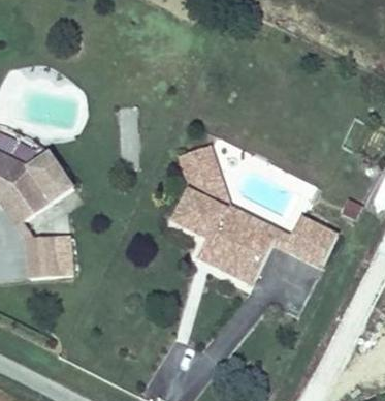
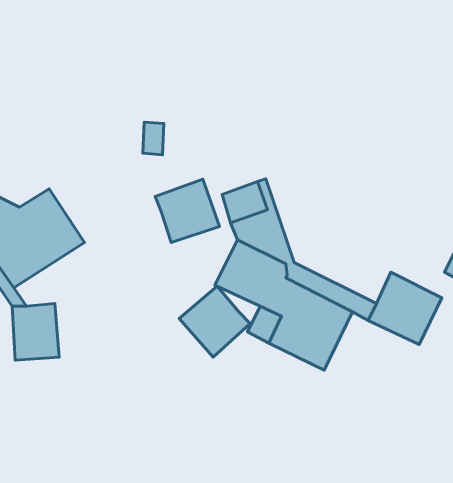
building: none -> [155,179,219,242]
building: none -> [179,286,250,357]

